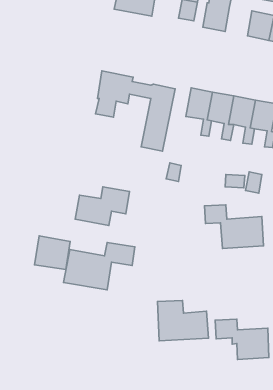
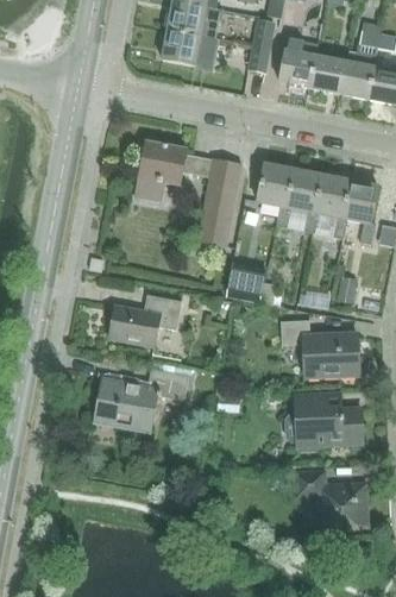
building: none -> [309,55,345,94]
building: [35,236,70,269] -> none
building: [158,301,208,341] -> [296,392,364,446]

